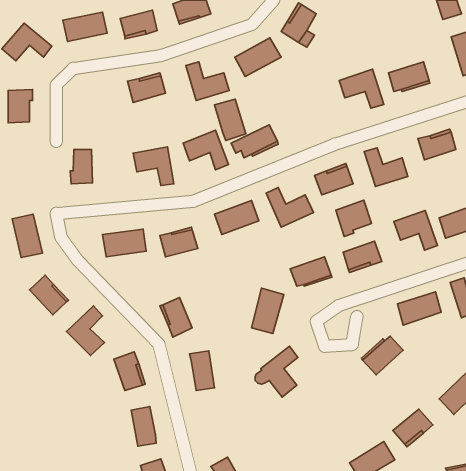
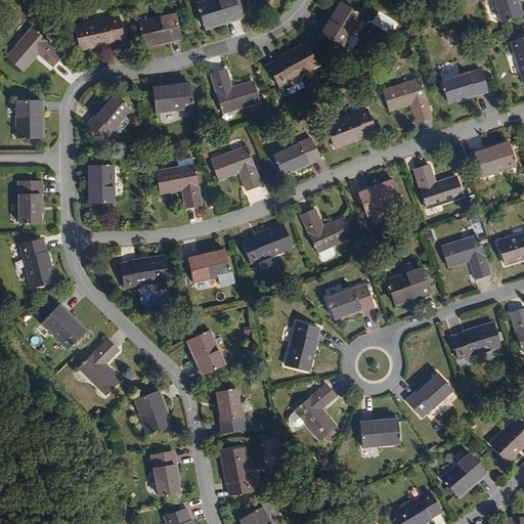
building: none -> [83,96,126,142]
building: none -> [326,110,377,149]
building: [215,99,246,140] -> none
building: none -> [18,183,40,223]
building: [336,200,371,236] -> none
building: none -> [360,419,399,444]
building: none -> [223,448,254,496]

